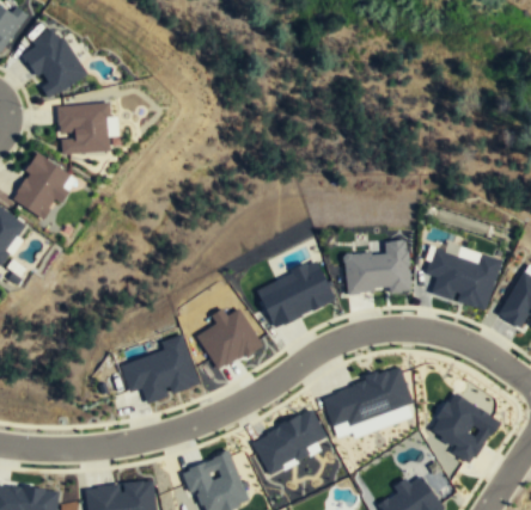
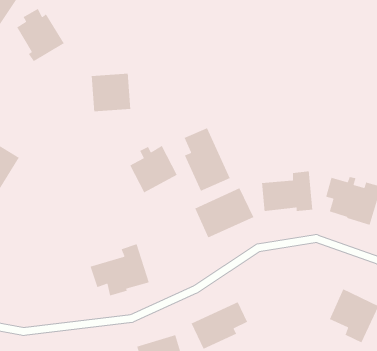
building: [59,104,111,155] -> [91,73,131,112]
building: [11,154,77,220] -> none
building: none -> [183,127,231,192]
building: [197,308,261,371] -> [129,145,178,194]
building: [322,364,413,437] -> none

